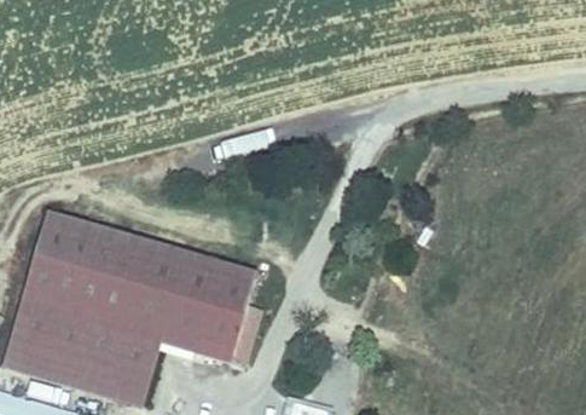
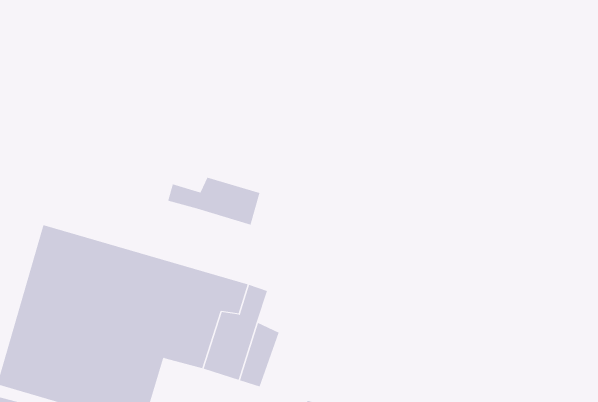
building: none -> [168,177,260,225]

